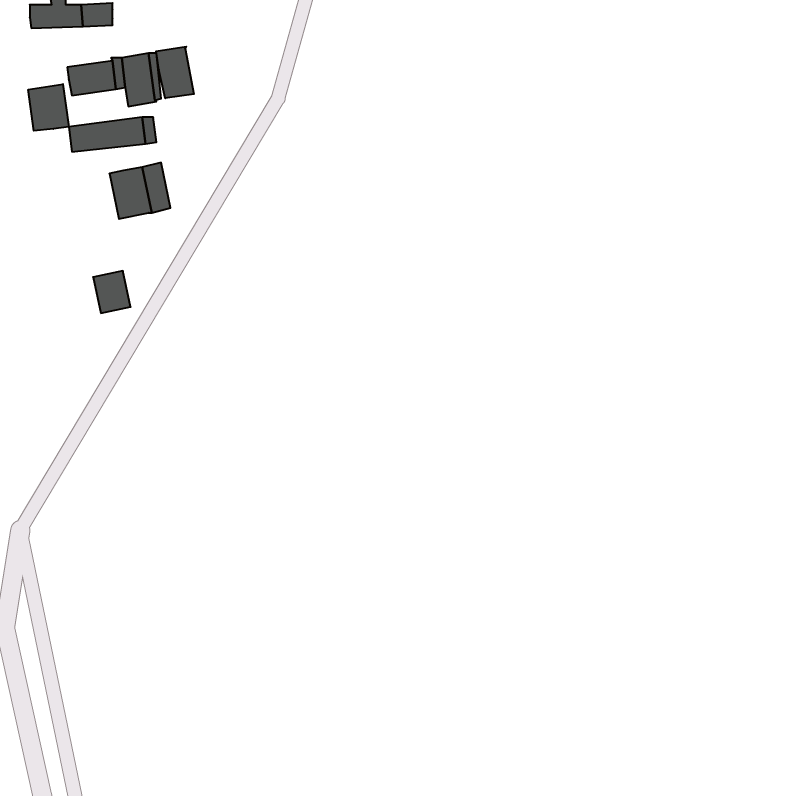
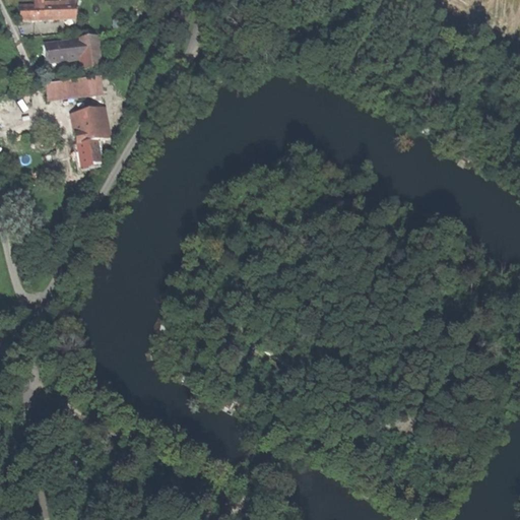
building: [156,47,194,98] -> none
building: [28,84,69,131] -> none
building: [93,271,131,313] -> [77,138,102,166]

